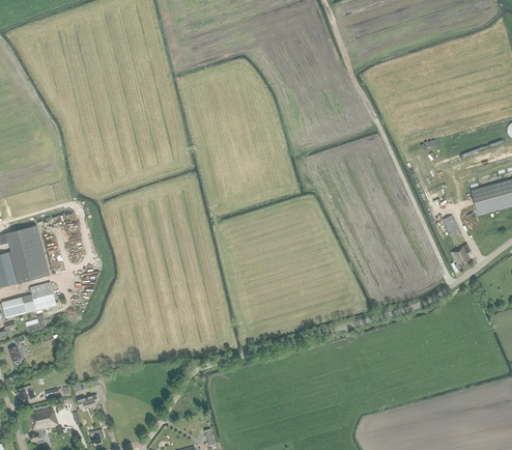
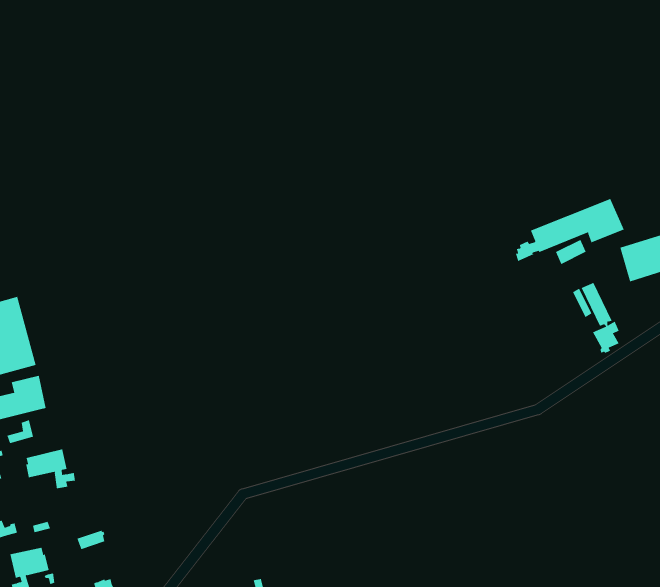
building: none -> [515,198,625,262]
building: none -> [25,448,75,489]

